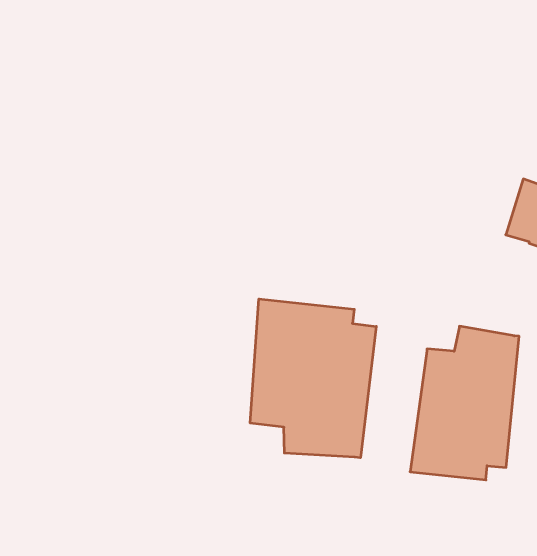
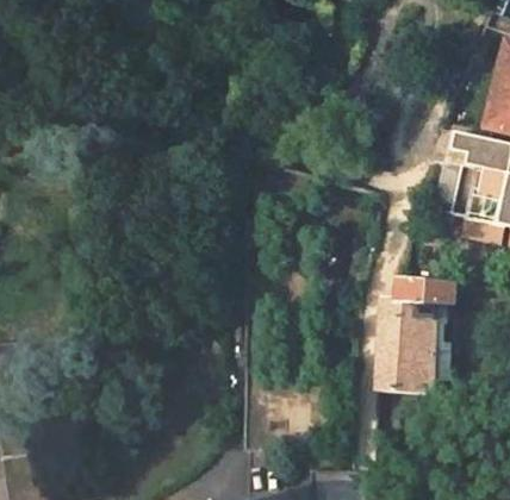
building: [250,299,376,458] -> none

